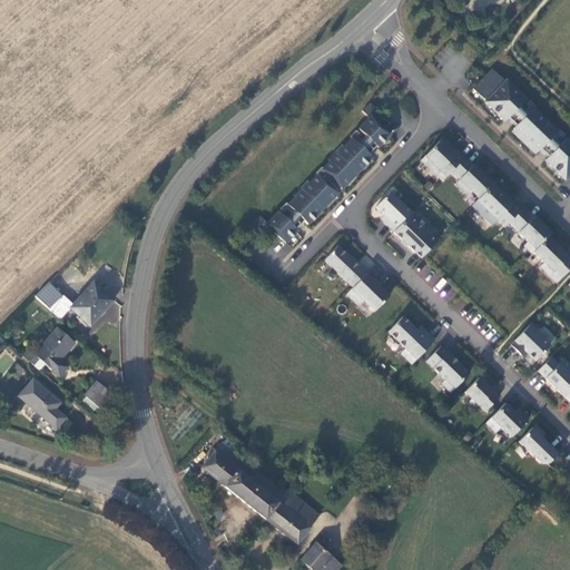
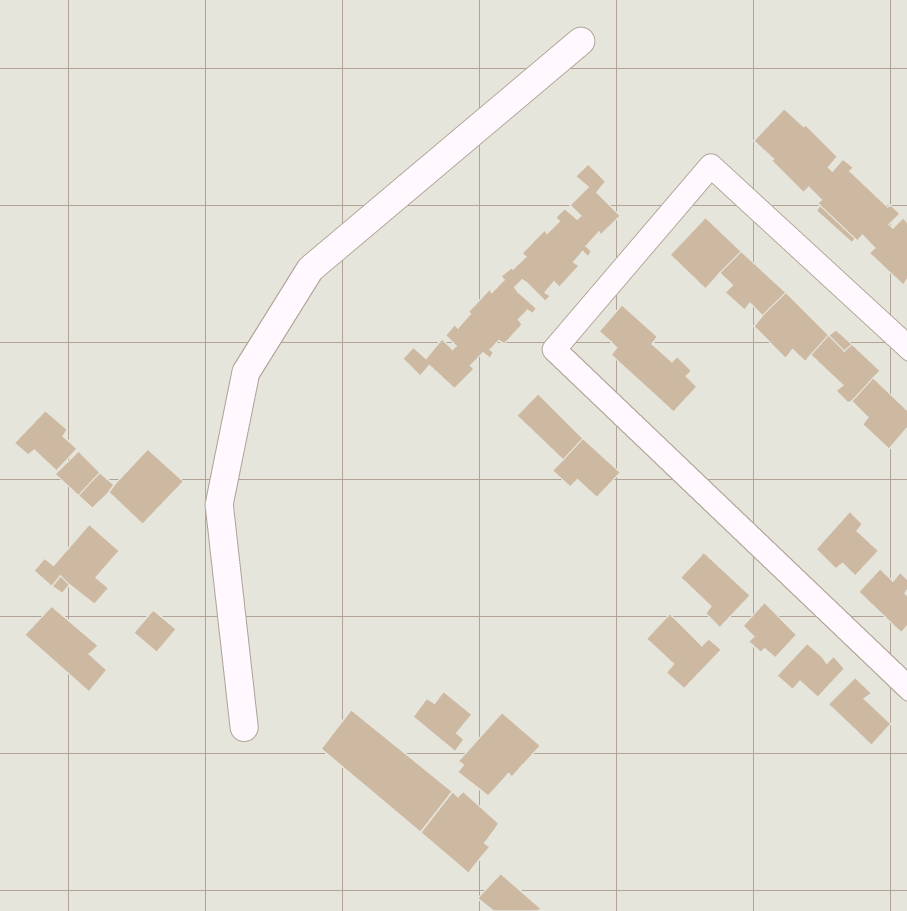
building: none -> [14,410,77,471]
building: [390,316,436,363] -> [647,614,721,689]
building: none -> [413,691,472,752]
building: none -> [458,713,540,796]

